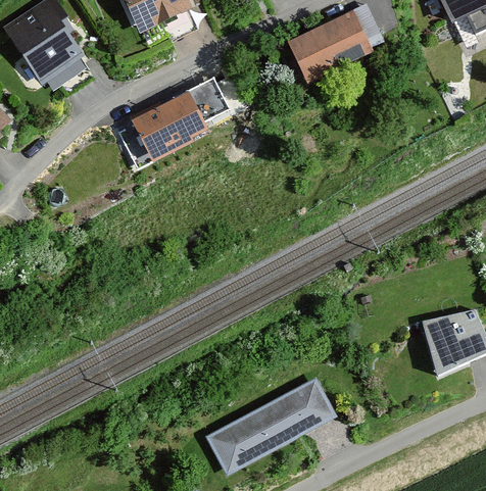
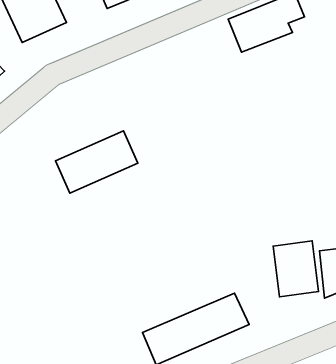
building: [134,78,236,159] -> [55,131,138,193]
building: none -> [273,241,319,297]

